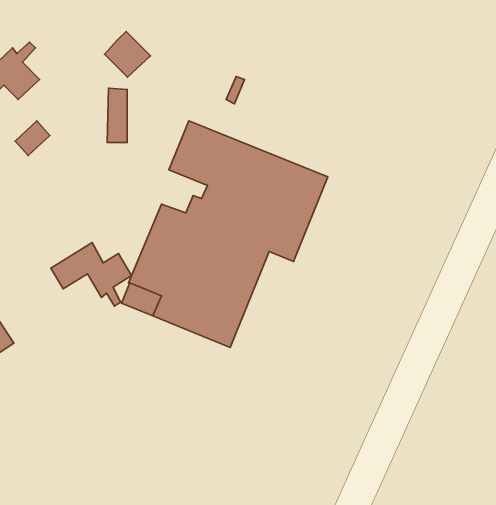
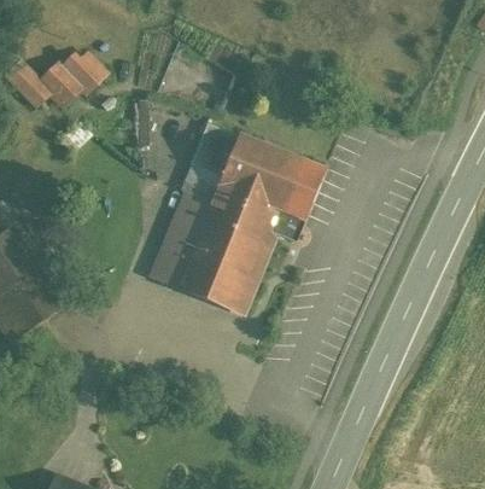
building: [105,31,150,77] -> [68,53,106,92]
building: [51,243,132,306] -> none

